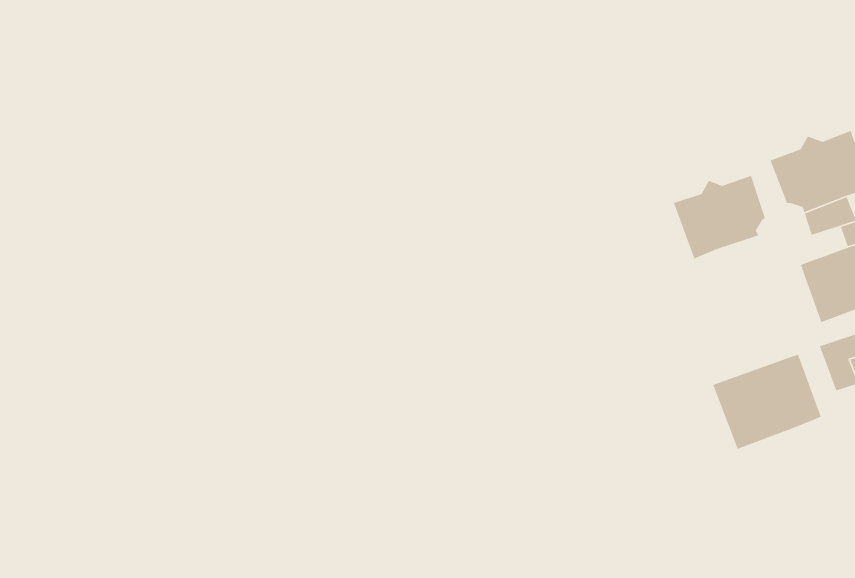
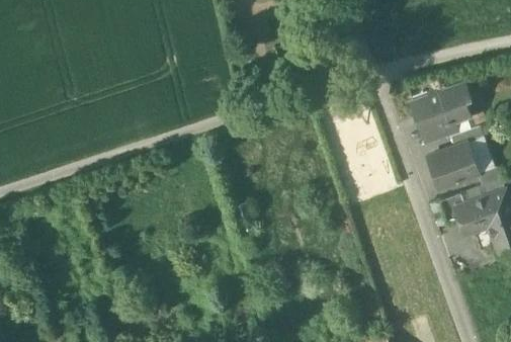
building: [673,175,766,259] -> none
building: [712,353,822,450] -> none

